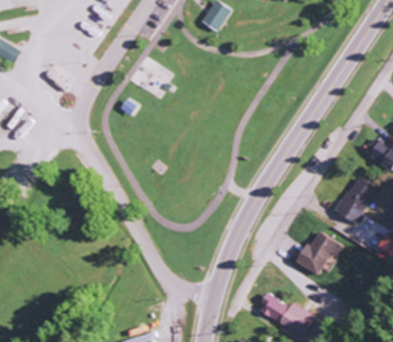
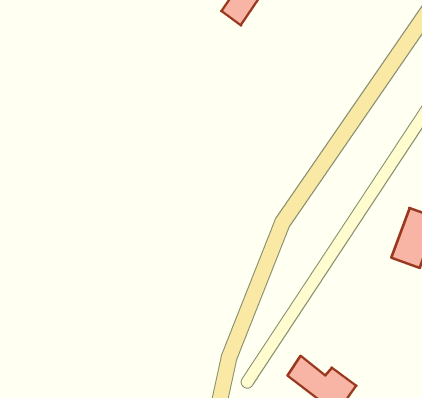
building: [297,229,343,275] -> none

